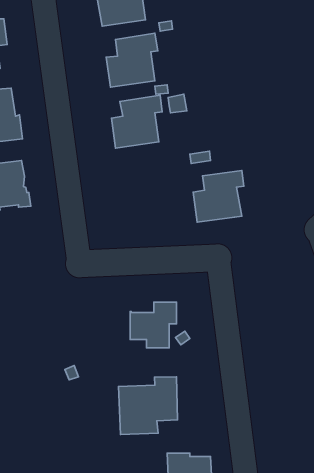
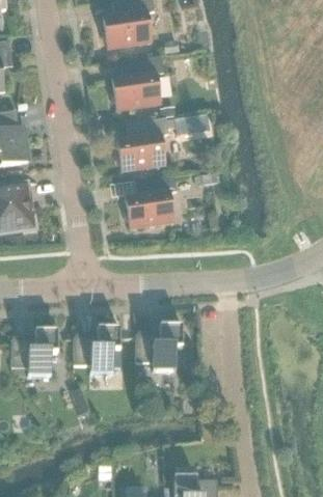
building: [193,170,244,222] -> [124,175,174,227]
building: none -> [72,327,118,372]
building: none -> [9,330,56,375]
building: [118,377,178,435] -> none

